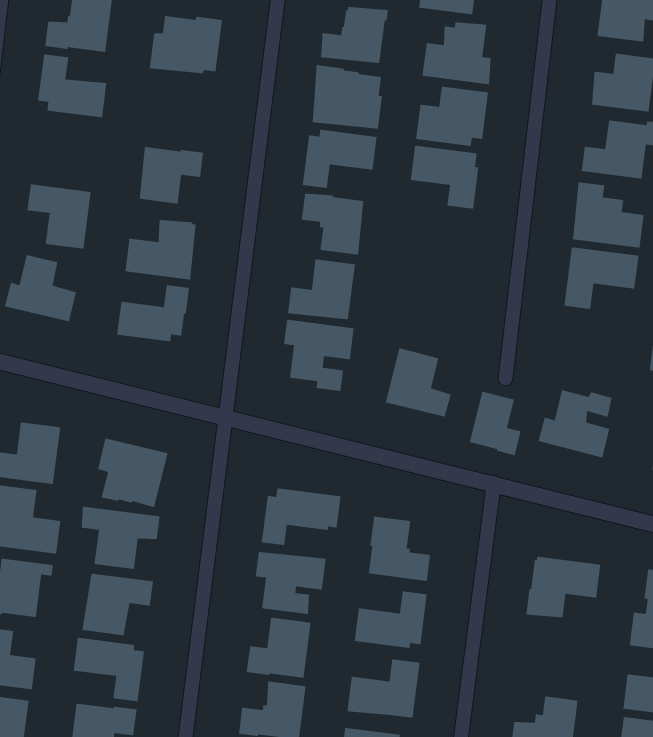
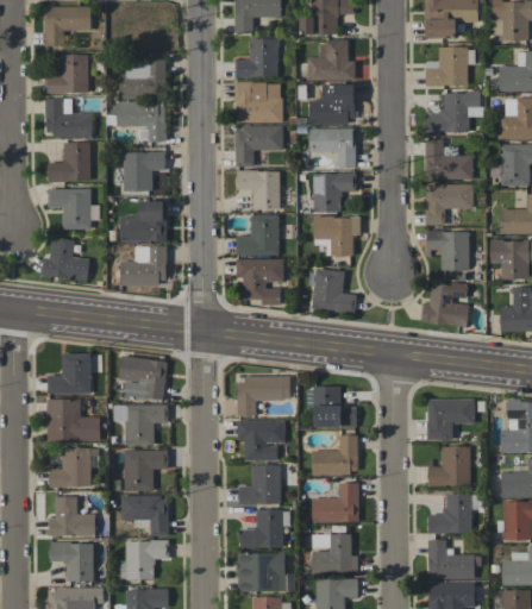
building: none -> [113,102,167,140]
building: none -> [49,143,92,182]
building: none -> [313,172,357,212]
building: none -> [314,216,361,256]
building: none -> [427,231,470,270]
building: [469,391,521,456] -> none
building: none -> [428,446,471,486]

